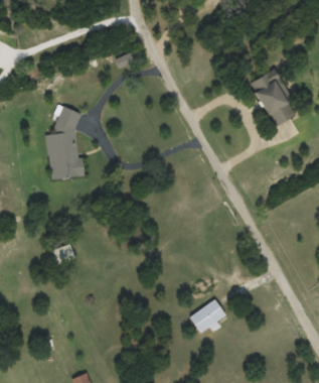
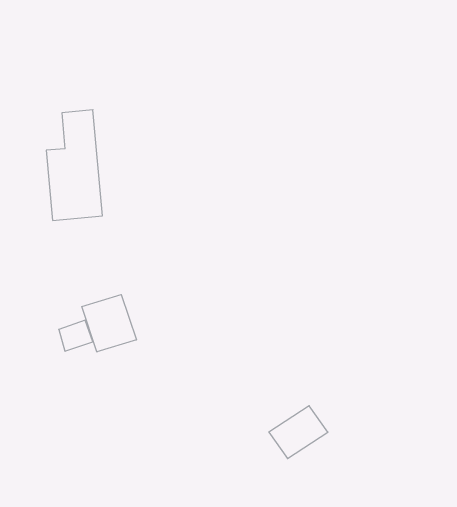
building: [250,69,295,125] -> none
building: none -> [82,295,136,352]

